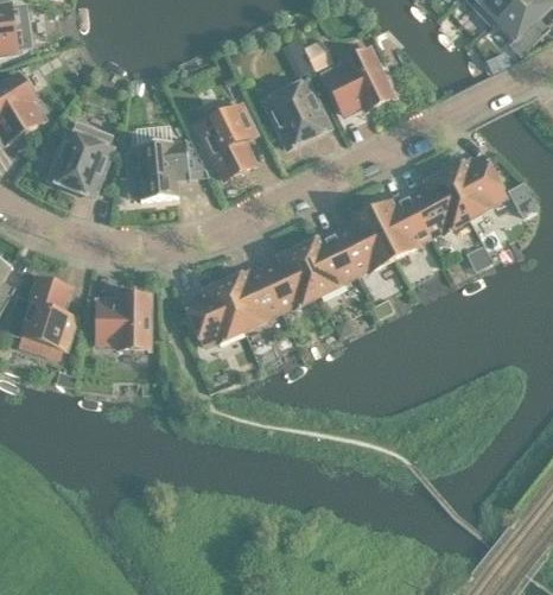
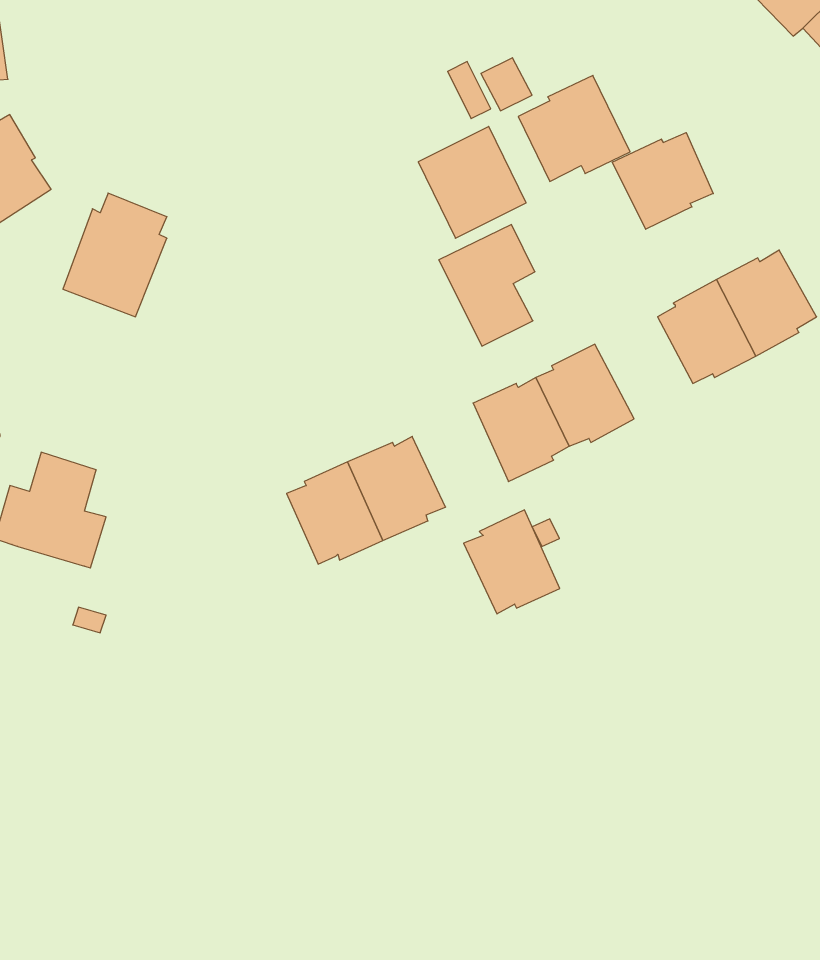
building: none -> [612,133,713,229]
building: [198,105,256,178] -> [439,225,535,346]
building: [125,139,205,200] -> none
building: [371,195,431,257] -> none
building: [261,247,319,310] -> [464,510,560,614]
building: [97,295,150,347] -> none

